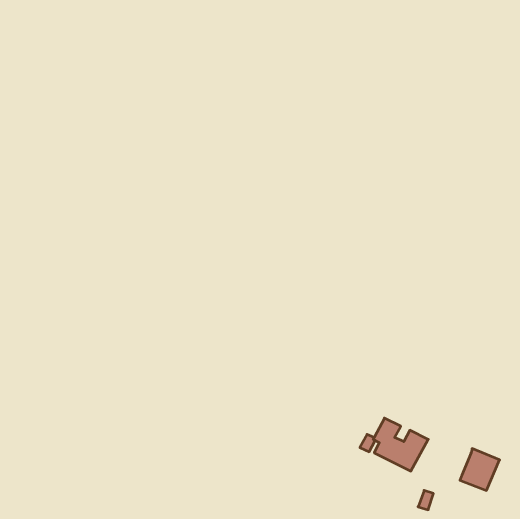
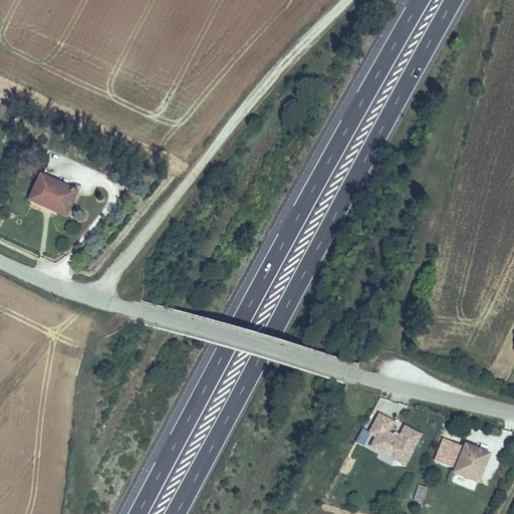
building: none -> [28,177,77,216]
building: none -> [434,437,464,468]

